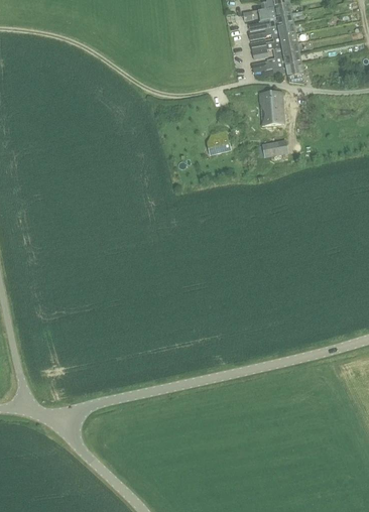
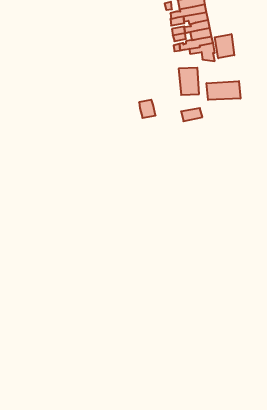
building: none -> [215,34,234,58]
building: none -> [207,81,240,100]

